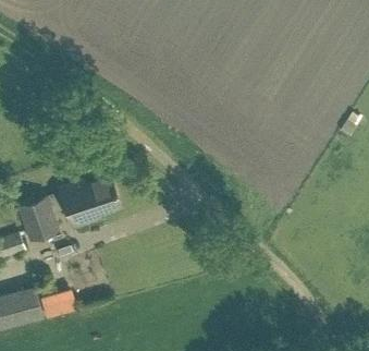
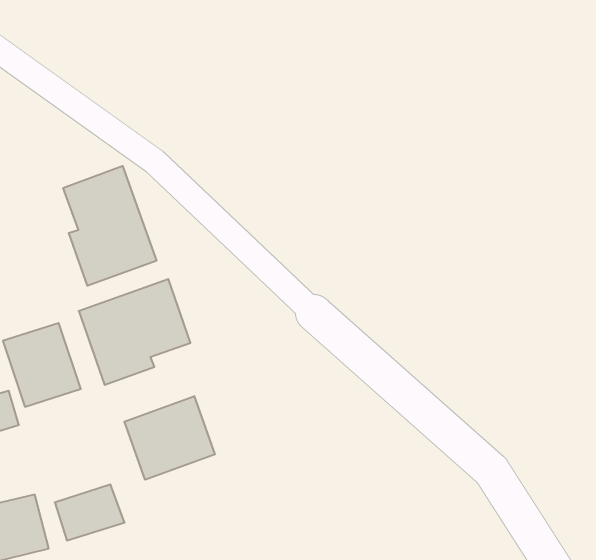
building: none -> [63,166,156,286]
building: none -> [124,396,215,480]

